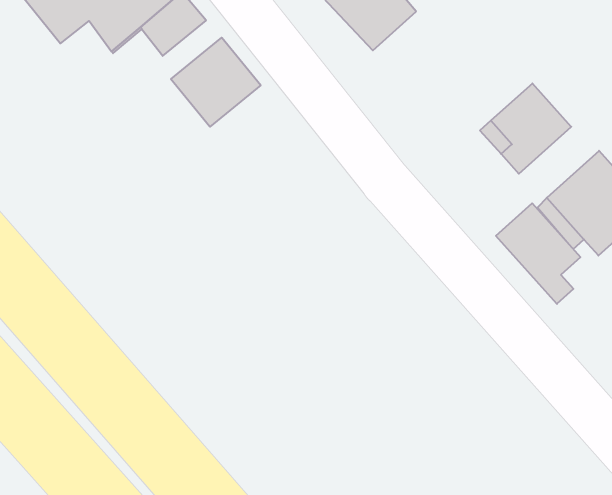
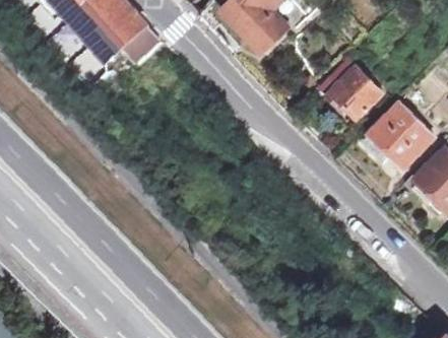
building: [171,38,261,127] -> none
building: [496,203,580,304] -> none

